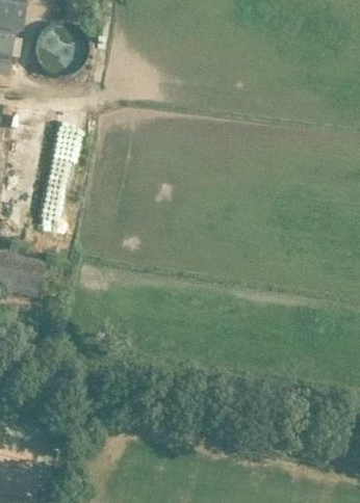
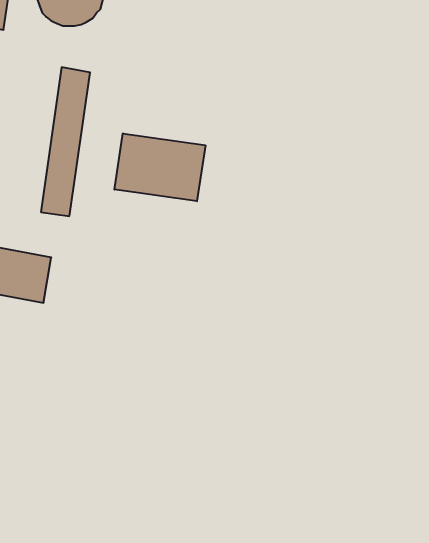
building: none -> [114,133,205,201]

